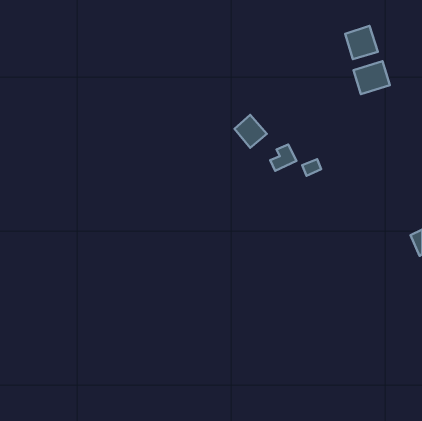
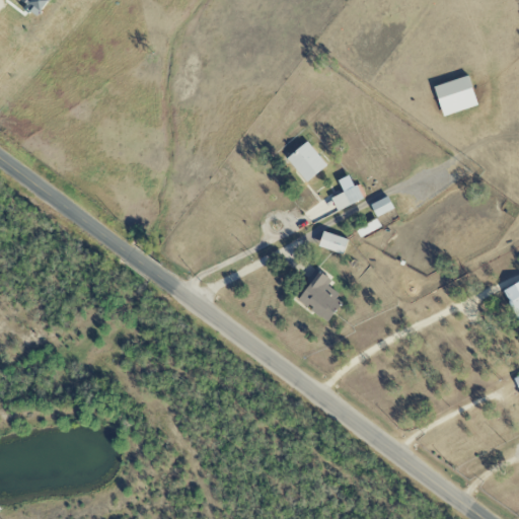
building: [345,26,378,59] -> none
building: none -> [319,231,348,253]
building: none -> [298,268,345,322]

